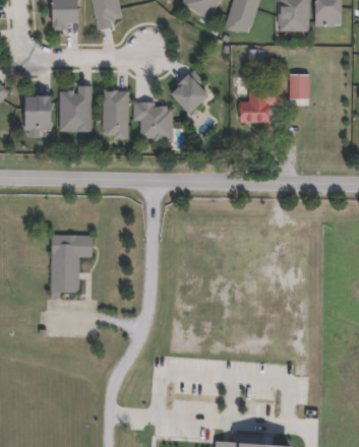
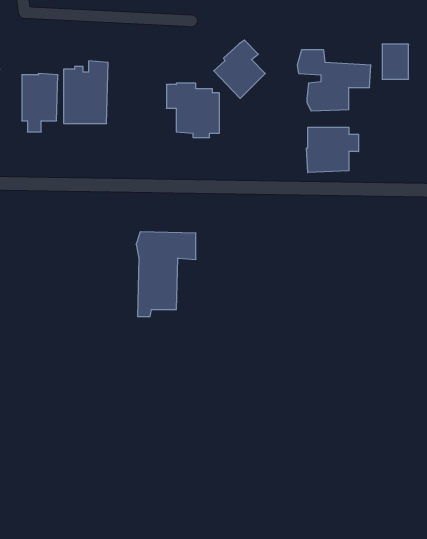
building: [101,88,127,138] -> none
building: none -> [307,127,359,173]
building: [49,236,93,298] -> [136,232,196,316]

